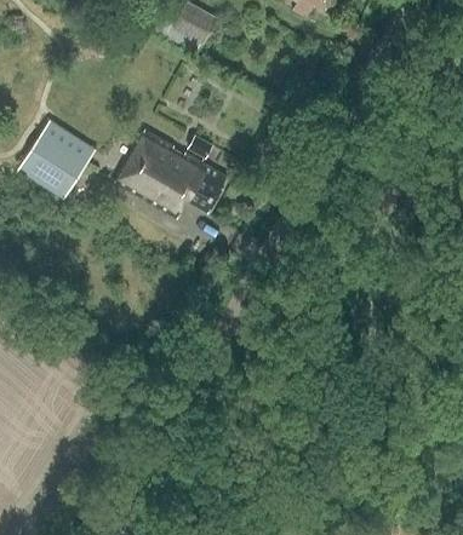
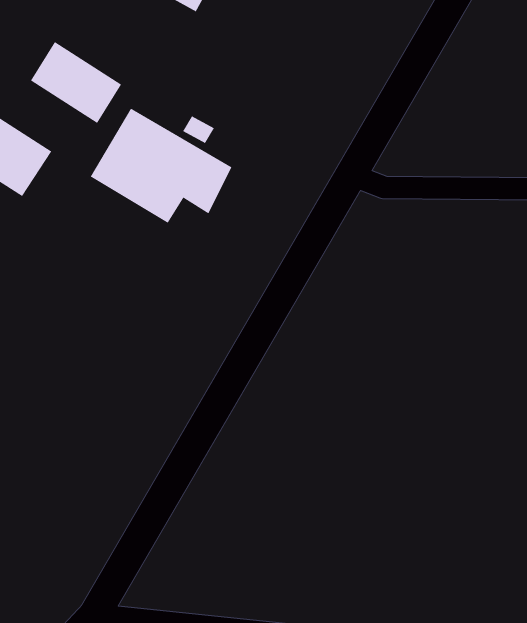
building: none -> [30,41,122,124]

